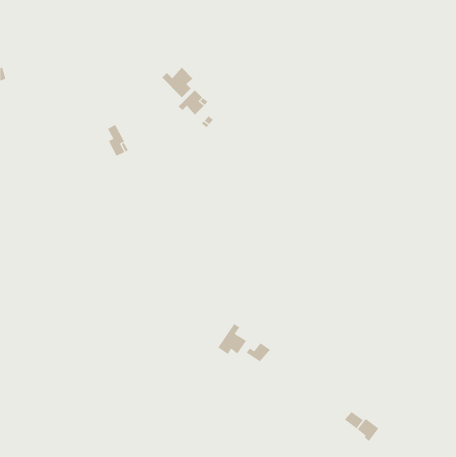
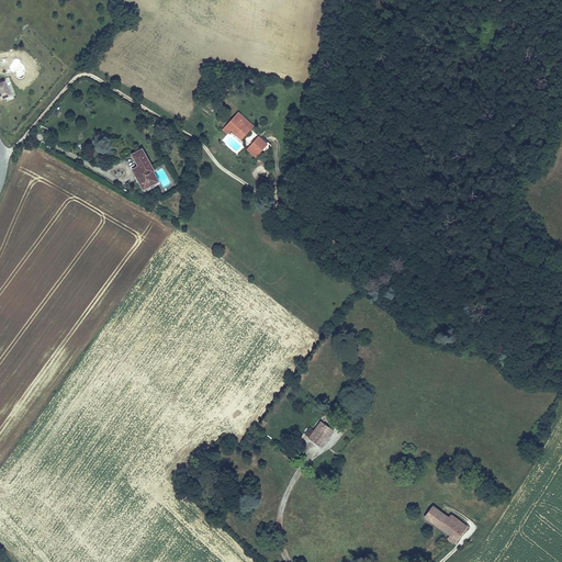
building: [161,67,194,98] -> none
building: [217,323,247,355] -> none

